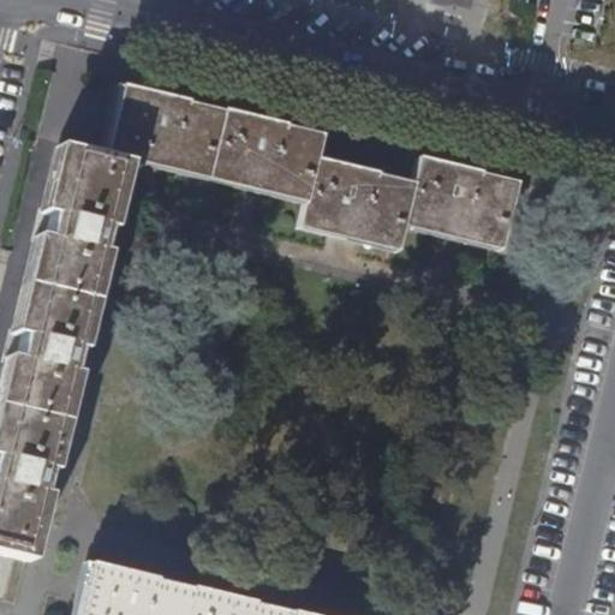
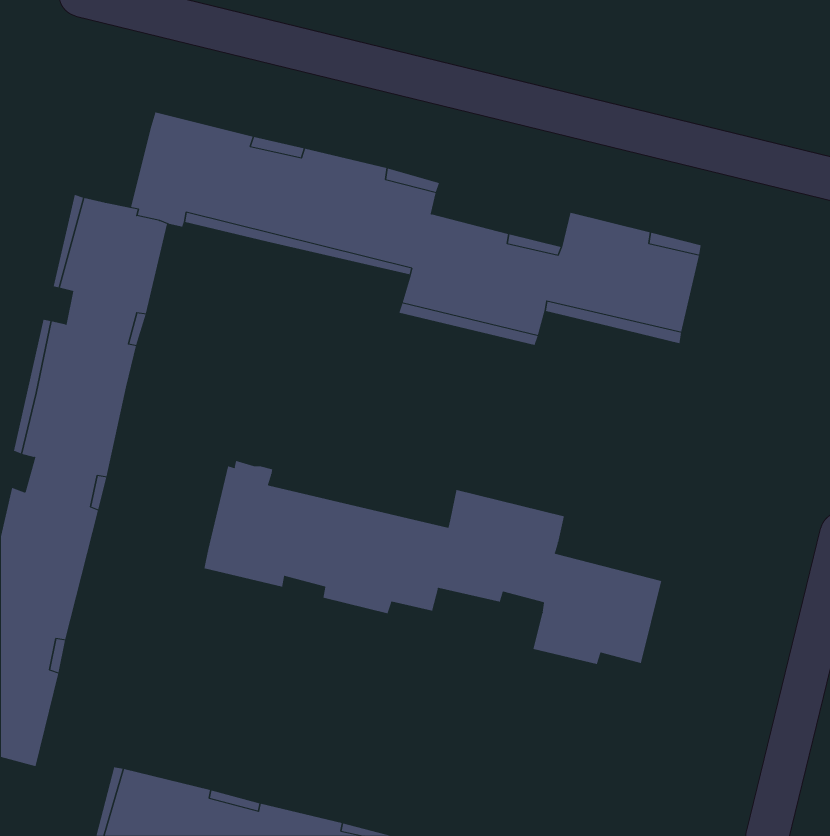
building: none -> [204,460,662,665]

